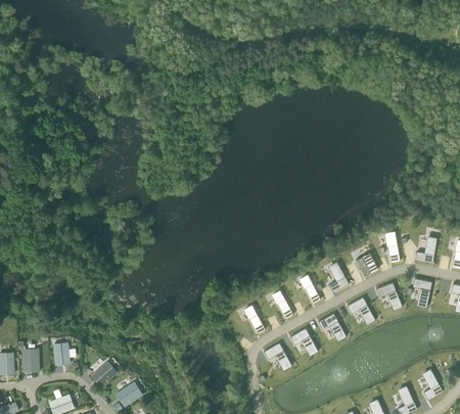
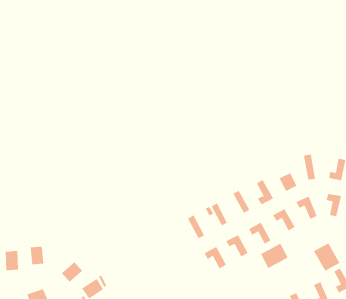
building: none -> [313,242,340,272]
building: none -> [260,243,288,269]

